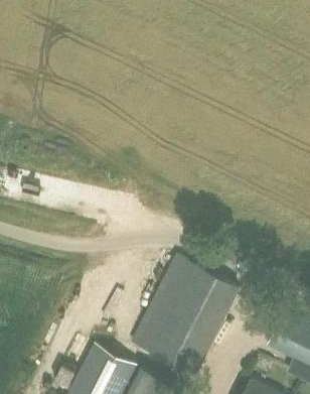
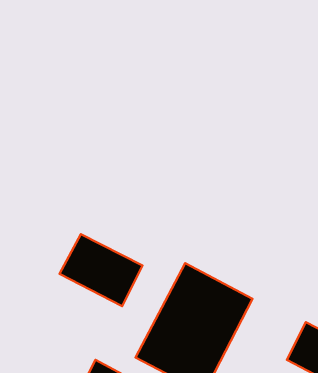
building: none -> [60,234,143,306]

